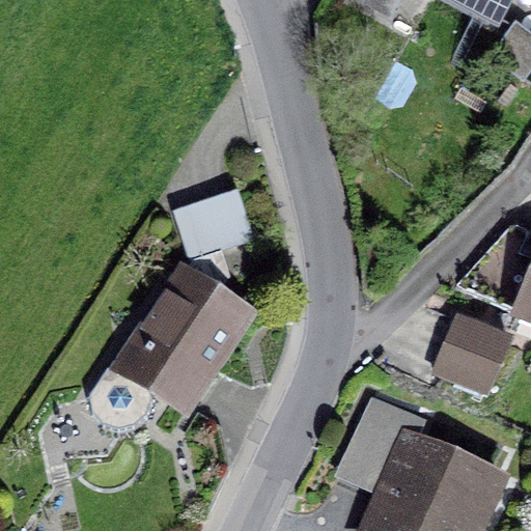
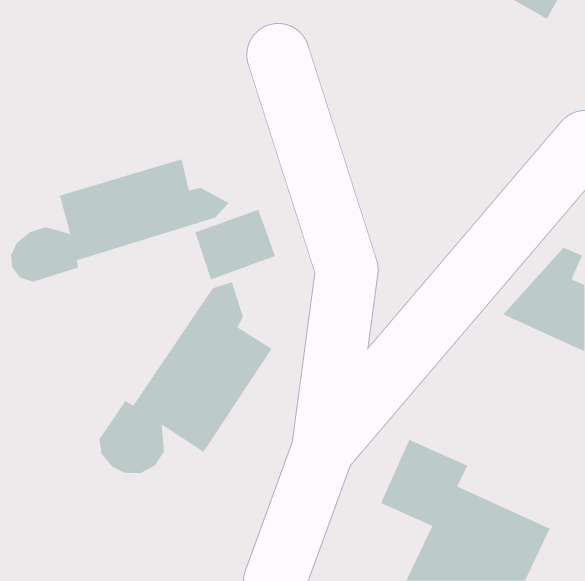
building: none -> [11,158,229,282]
building: [434,318,510,395] -> none

